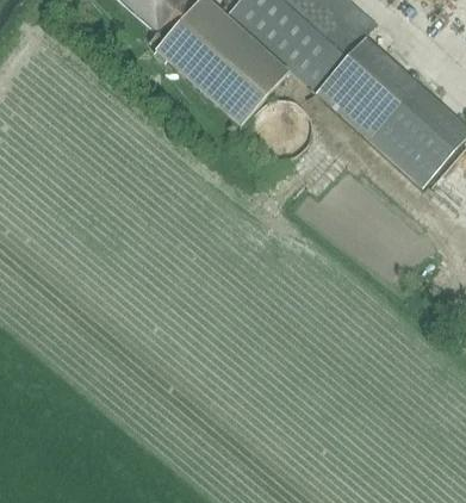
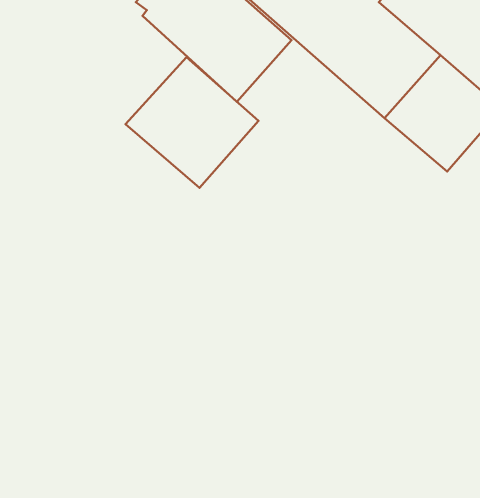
building: none -> [126,57,259,188]

